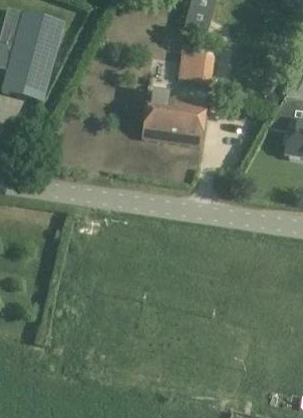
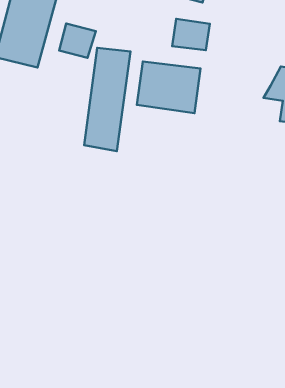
building: none -> [59,23,96,58]
building: none -> [84,48,131,151]

